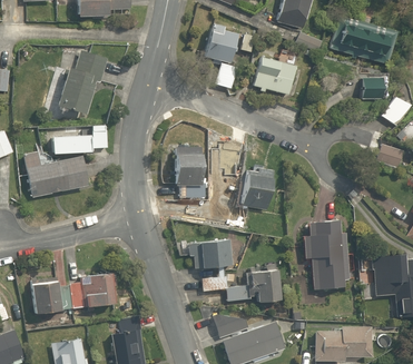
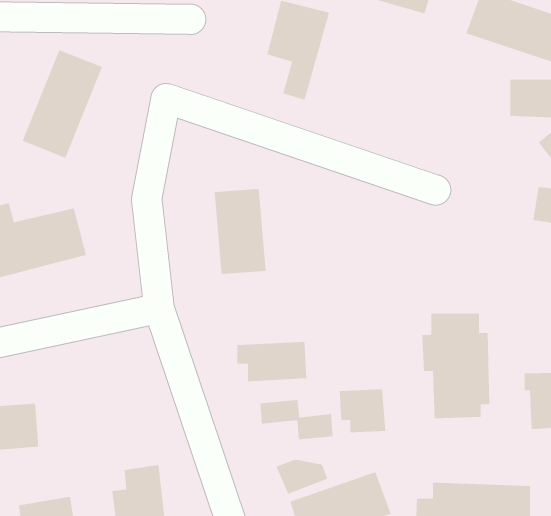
building: [252,53,298,98] -> none
building: [52,126,107,155] -> none
building: [239,168,277,214] -> none
building: [68,274,117,307] -> none

